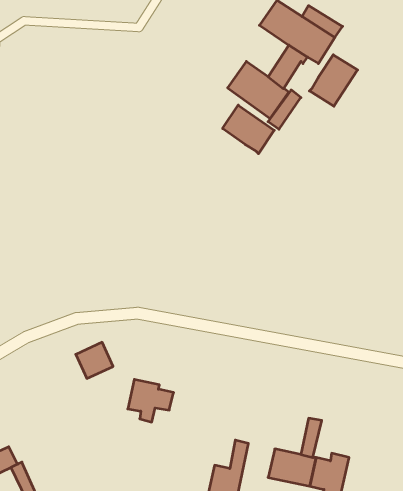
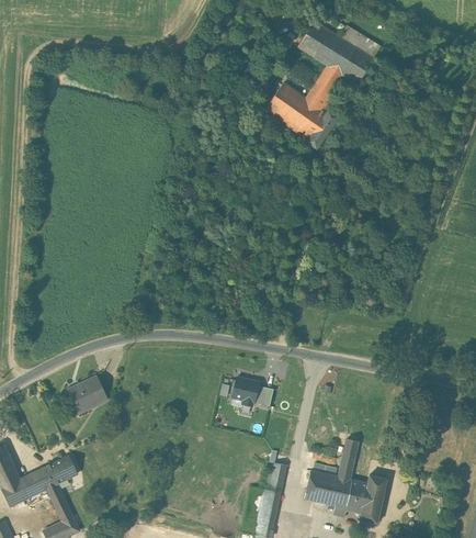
building: [309,55,358,106] -> none
building: [223,105,274,154] -> none
building: [76,342,113,378] -> [69,377,106,413]
building: [128,379,174,422] -> [227,374,273,417]
building: none -> [45,457,76,485]

